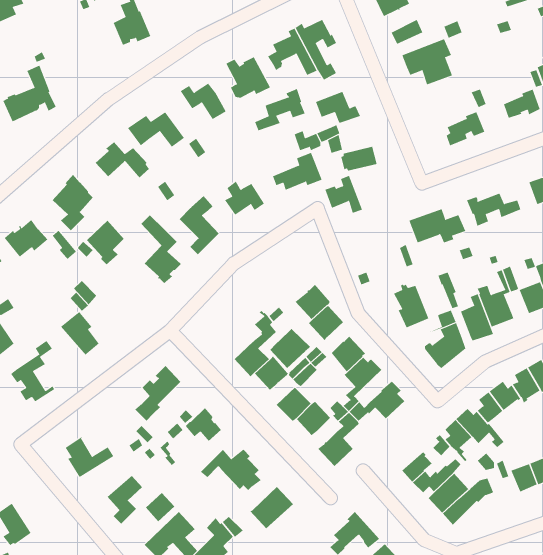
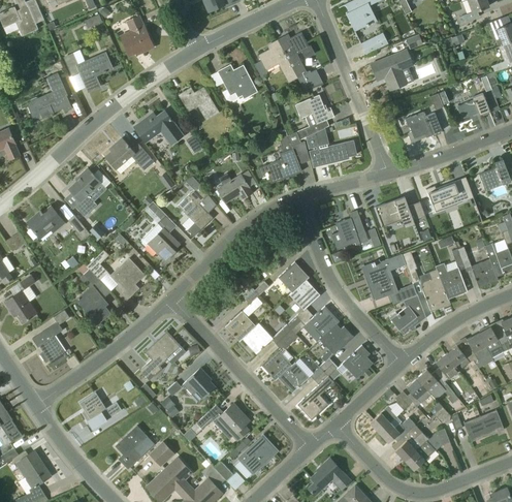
building: none -> [63,53,111,91]
building: [254,88,306,131] -> none
building: [324,175,363,213] -> [335,211,369,244]
building: [86,220,124,265] -> [110,258,143,297]
building: [270,328,311,369] -> none

